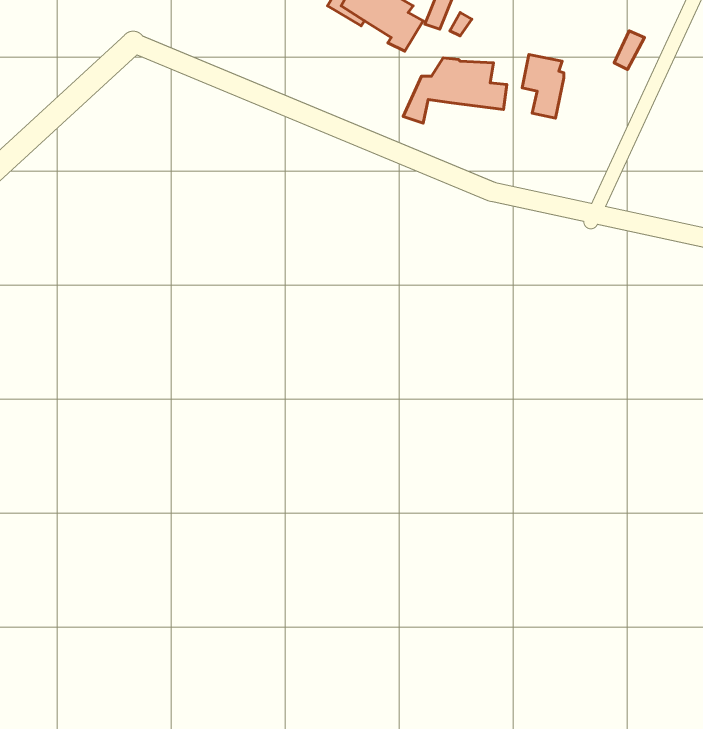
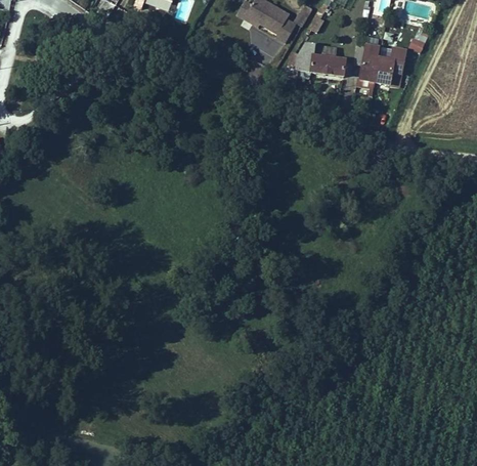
building: none -> [375,49,405,84]

